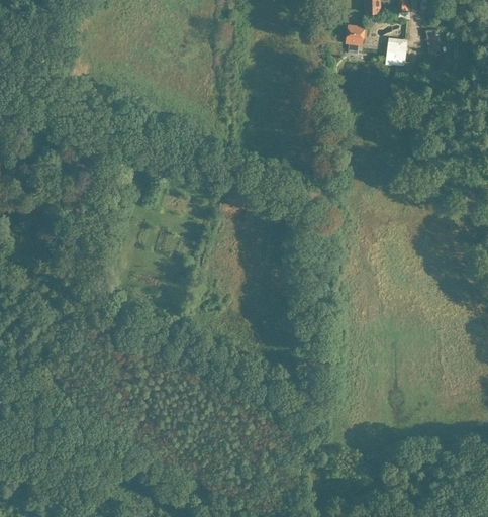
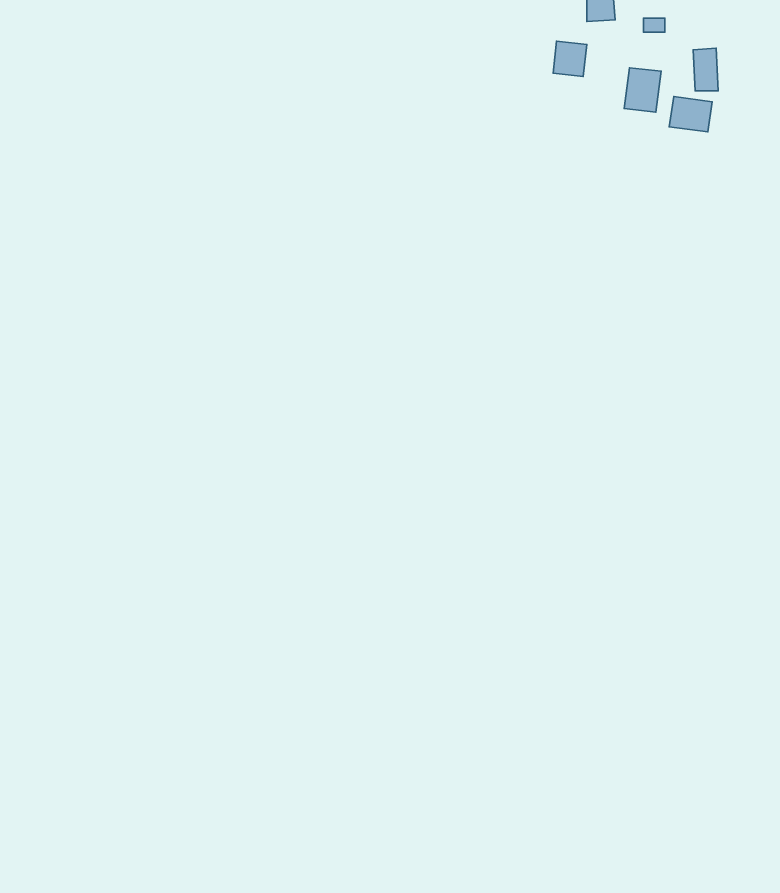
building: none -> [669,97,712,132]

